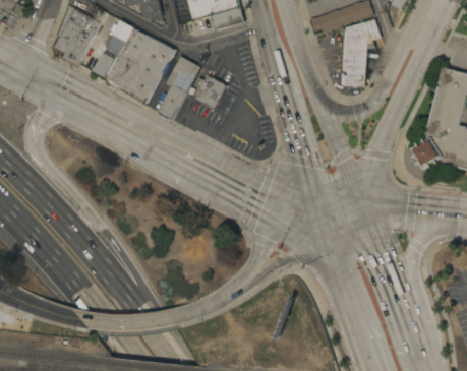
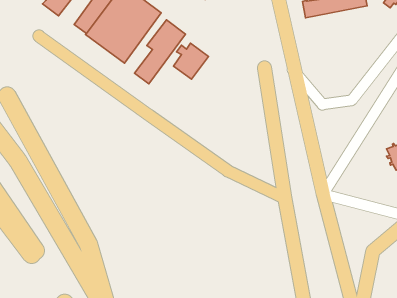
building: [341,18,382,87] -> none

